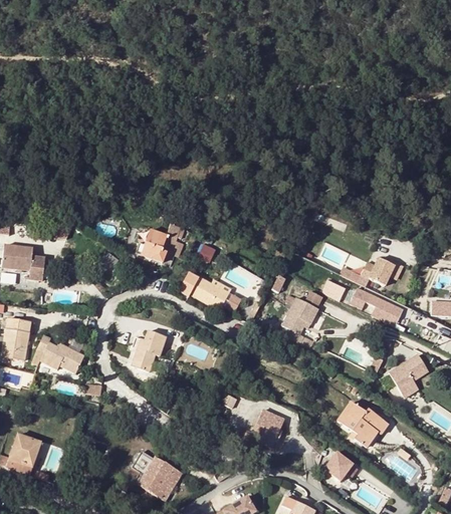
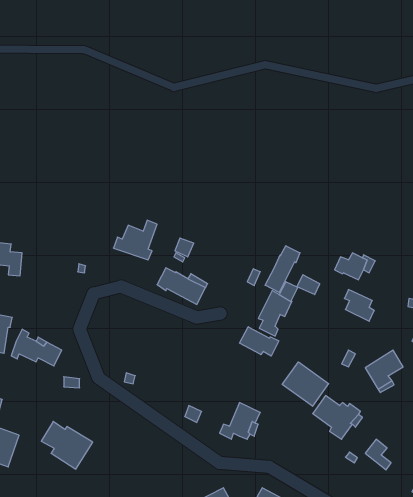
building: none -> [265,246,300,292]
building: [132,330,166,370] -> none
building: none -> [240,327,279,356]
building: none -> [282,362,329,406]
building: [129,452,181,500] -> [41,421,93,469]
building: [323,452,352,481] -> none

